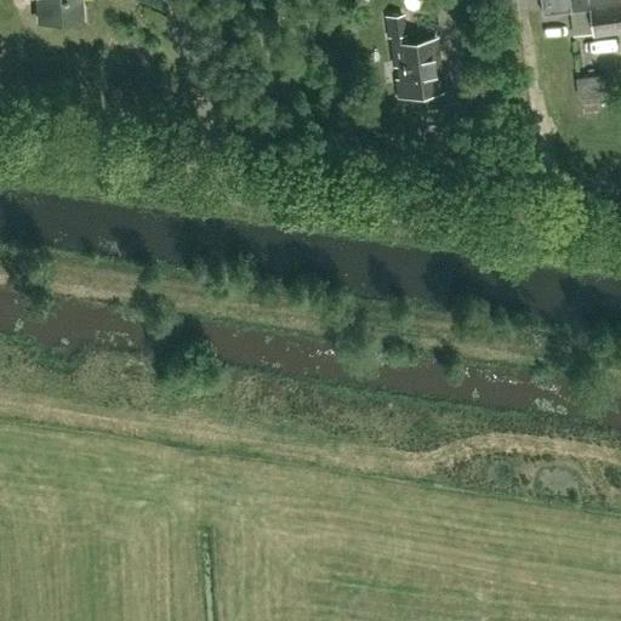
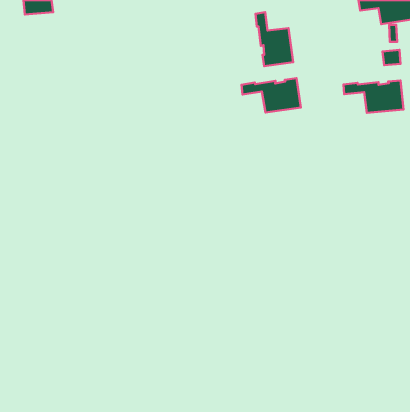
building: none -> [241,78,301,112]
building: none -> [344,80,403,113]

